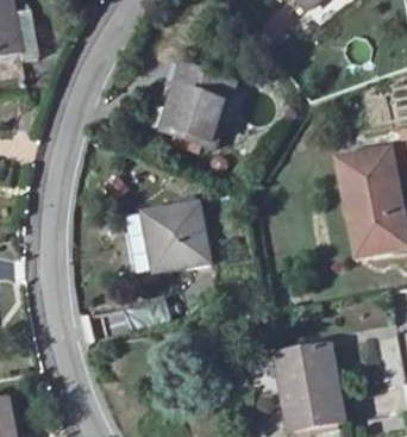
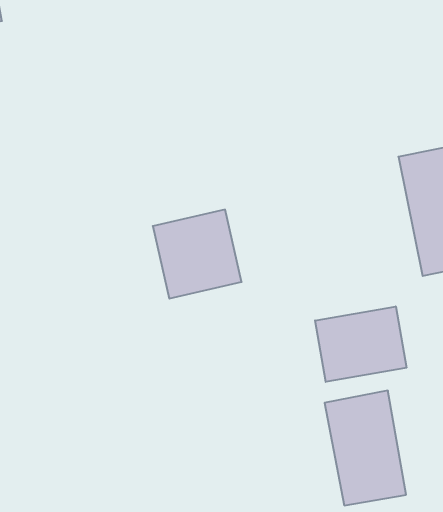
building: [156,58,237,144] -> none
building: none -> [315,306,406,382]

